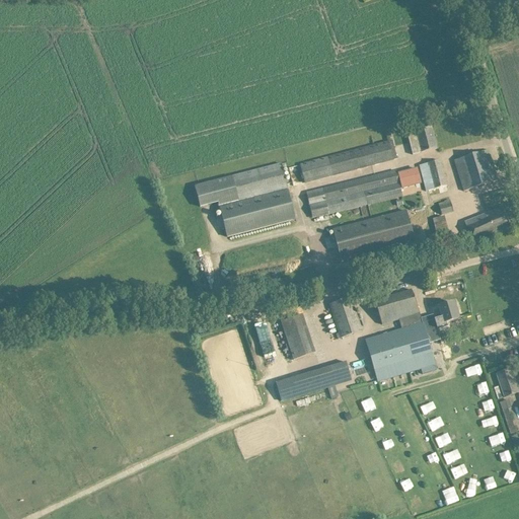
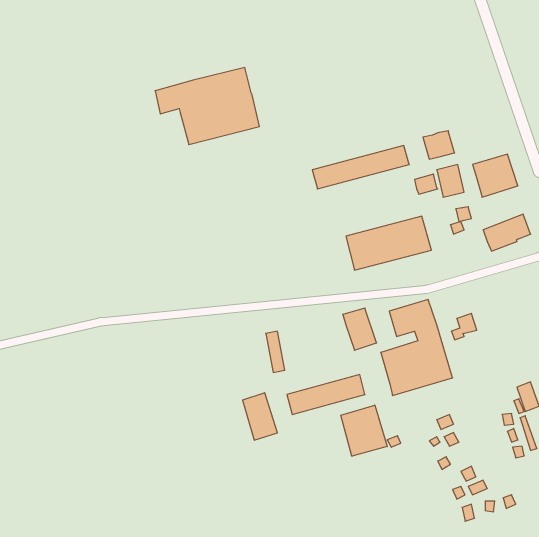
building: [195,161,295,235] -> [155,67,259,145]
building: [306,169,401,216] -> none
building: [281,313,314,359] -> [243,393,277,440]
building: none -> [341,405,387,456]

